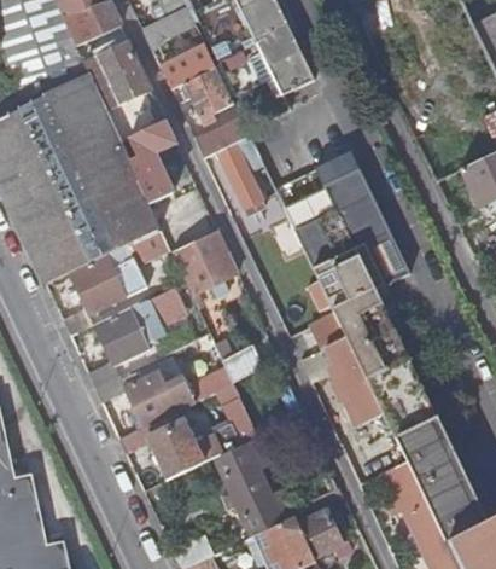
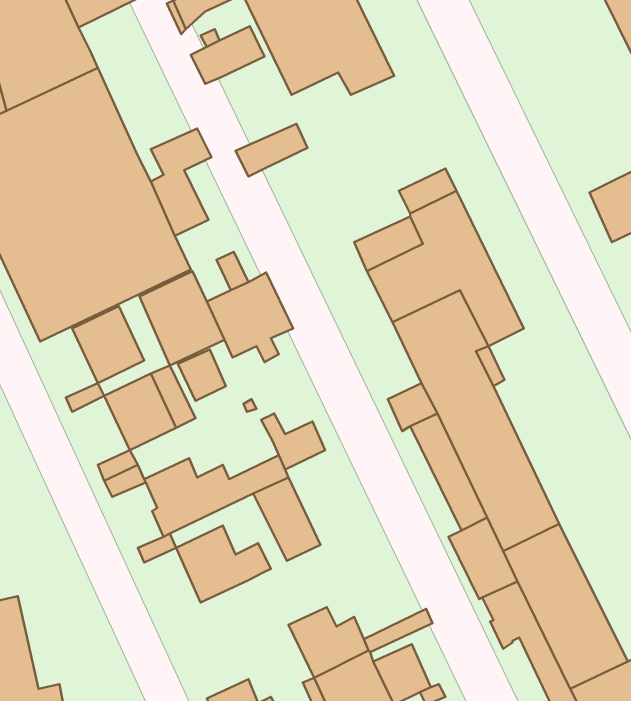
building: [84,42,165,143] -> none
building: [183,68,233,118] -> none
building: [216,137,262,209] -> none
building: [216,436,269,497] -> none

